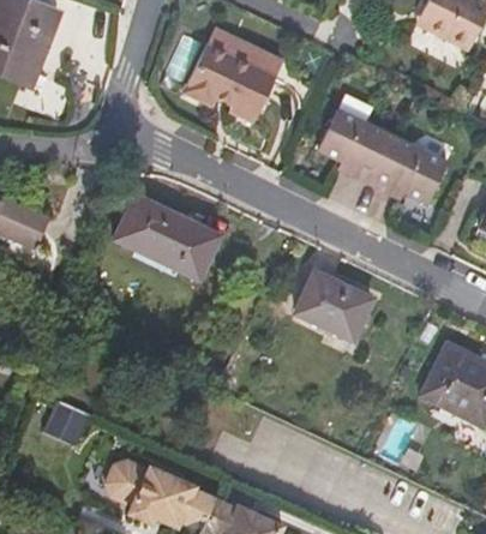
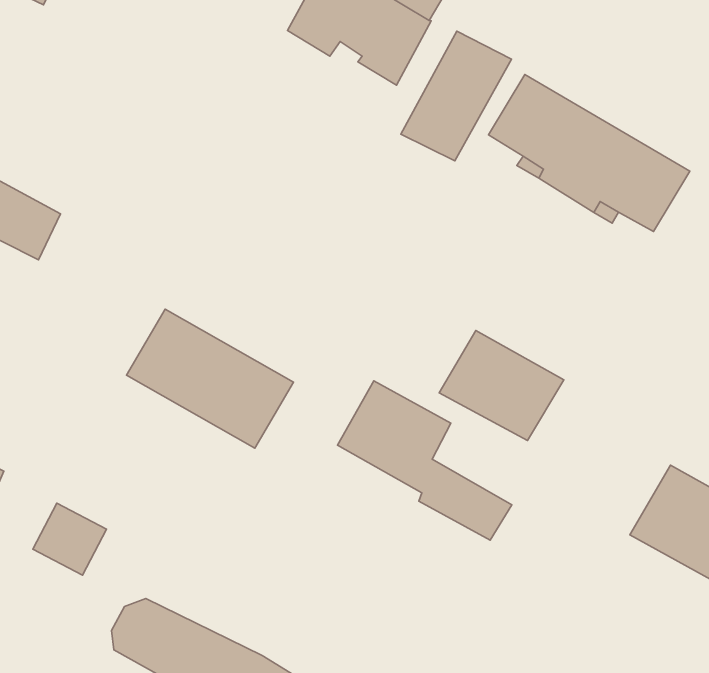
building: none -> [401,31,512,161]
building: [115,196,221,280] -> [126,309,294,448]
building: none -> [338,381,512,540]

